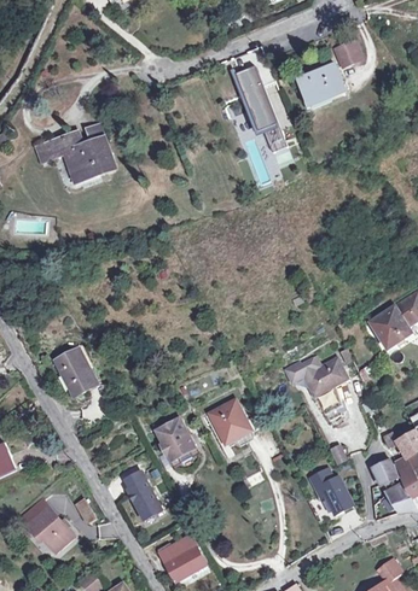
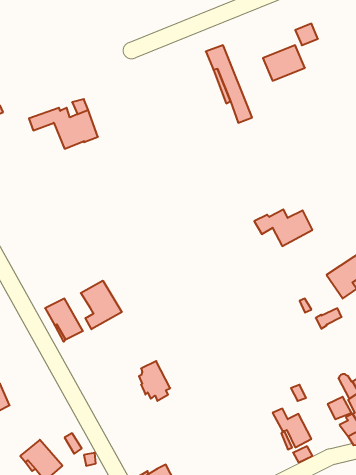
building: none -> [81,281,122,329]
building: [283,356,348,397] -> [254,209,312,246]
building: [209,399,250,443] -> none
building: [126,470,161,514] -> none

